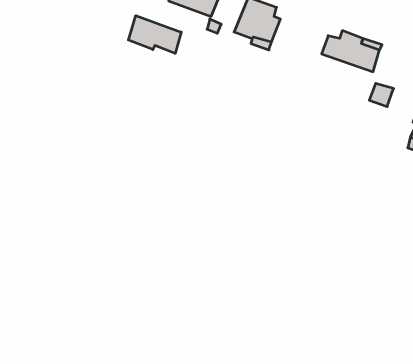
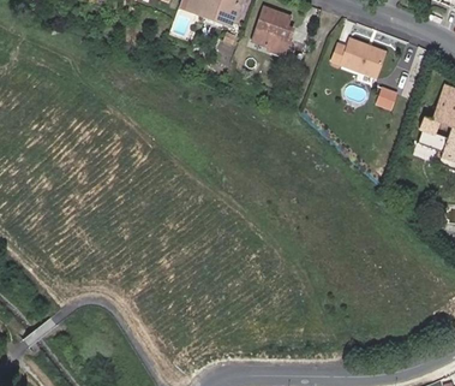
building: [128,16,181,53] -> none

